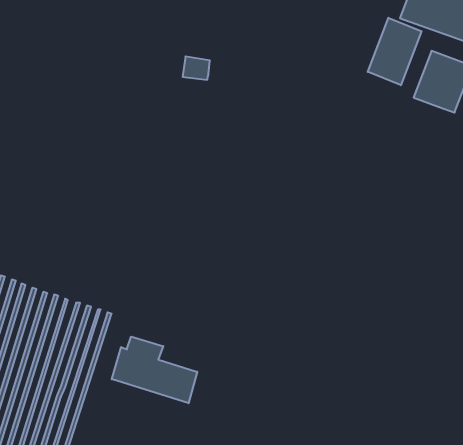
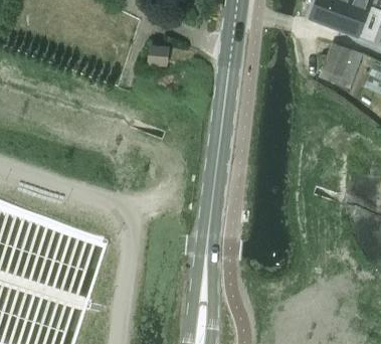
building: [368,18,421,85] -> none
building: [112,337,197,403] -> none

